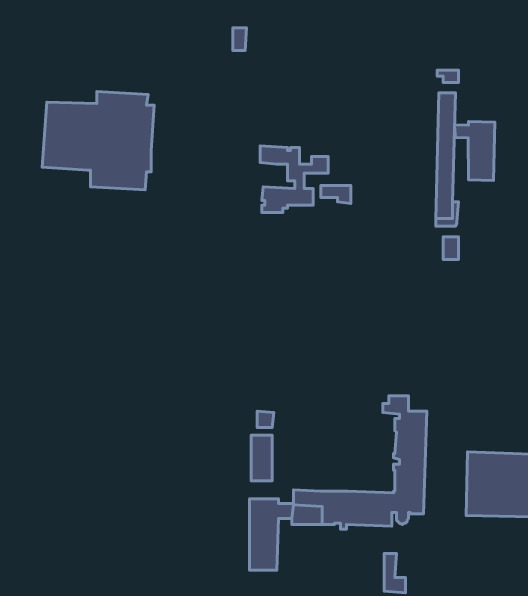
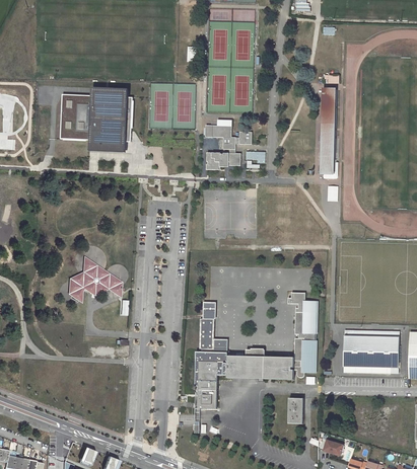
building: [455,122,495,180] -> none
building: none -> [68,258,121,300]
building: none -> [196,339,227,384]

